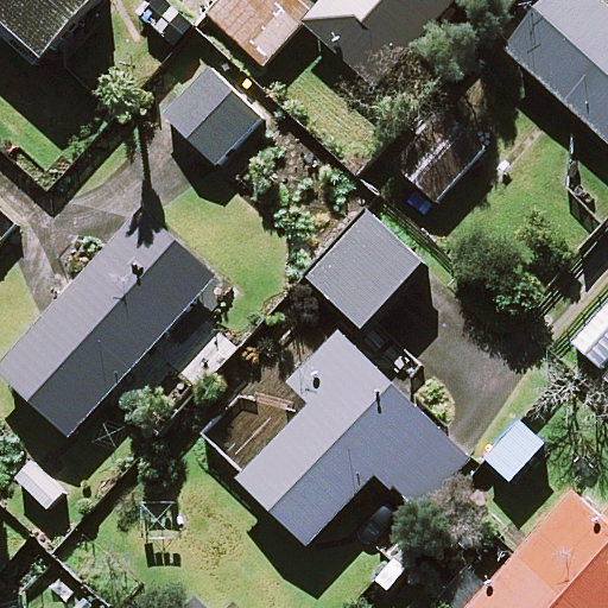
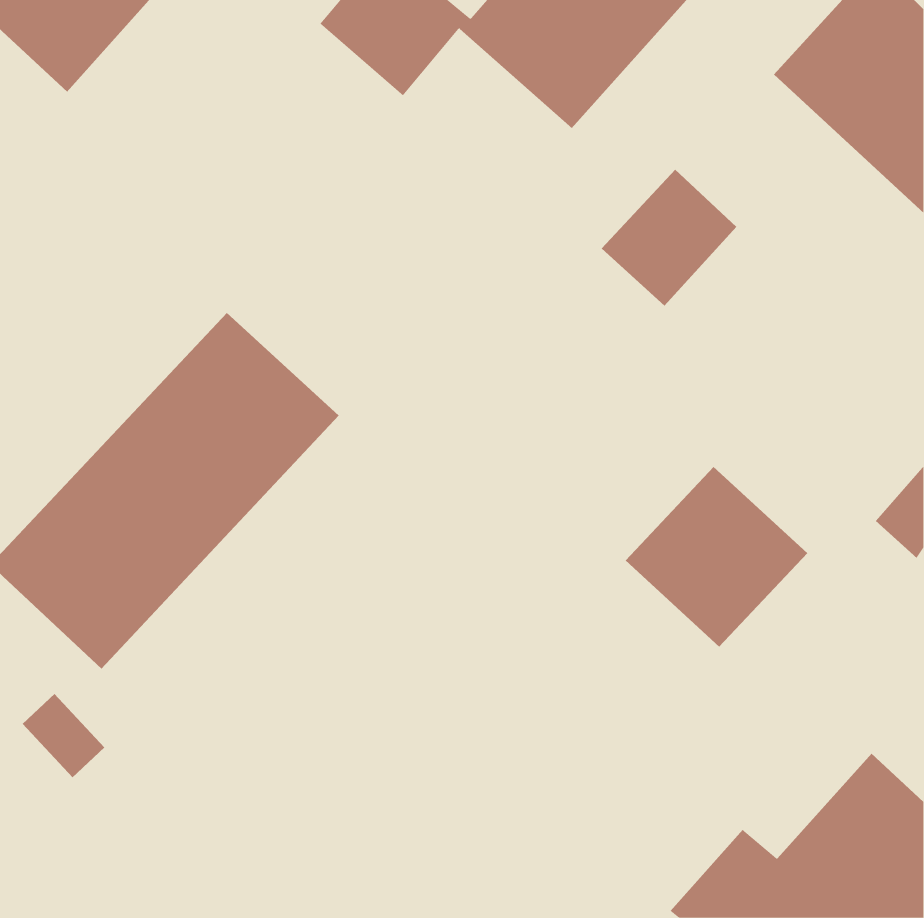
building: [163,66,261,165] -> none
building: [303,211,423,330] -> [625,466,808,647]
building: [239,332,466,544] -> none

